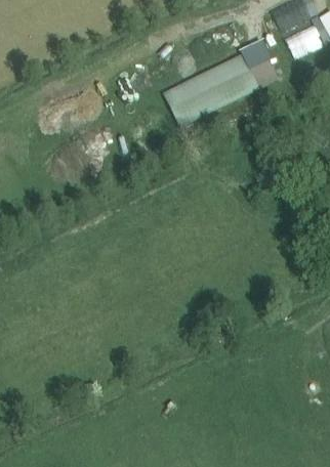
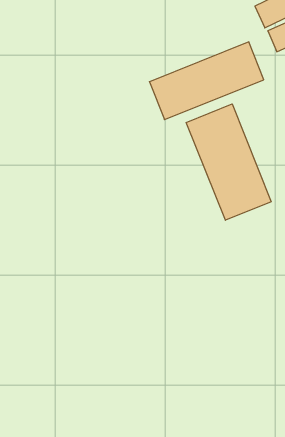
building: none -> [186,104,271,220]

